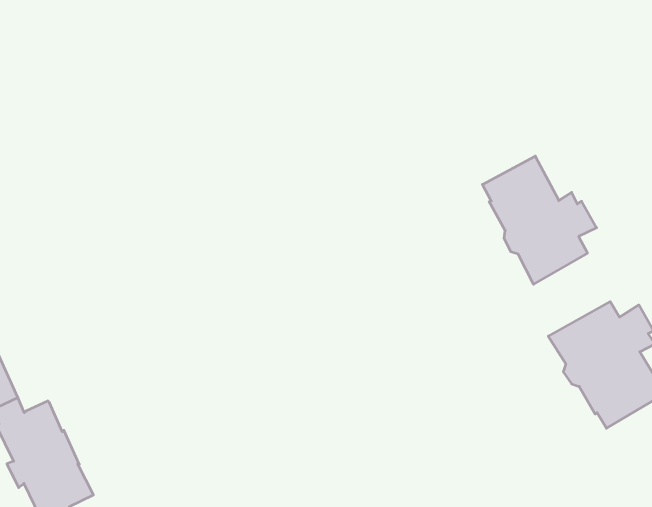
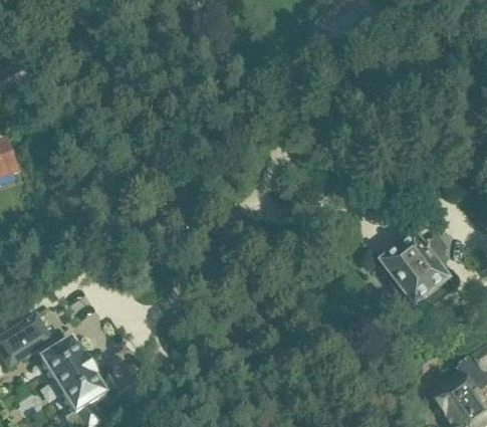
building: [482,156,597,284] -> none

